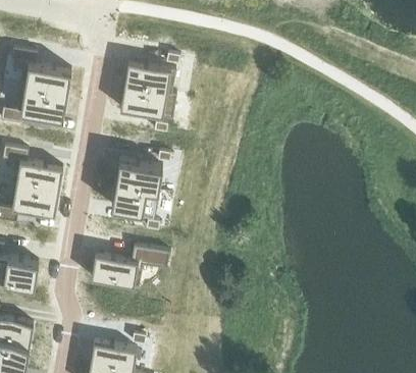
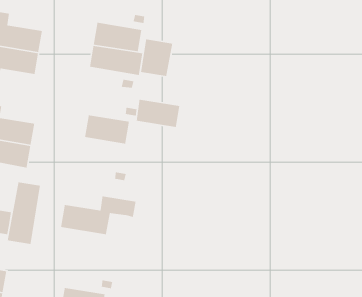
building: none -> [140,38,173,81]
building: [112,183,159,214] -> [136,99,180,128]
building: none -> [7,181,41,245]

